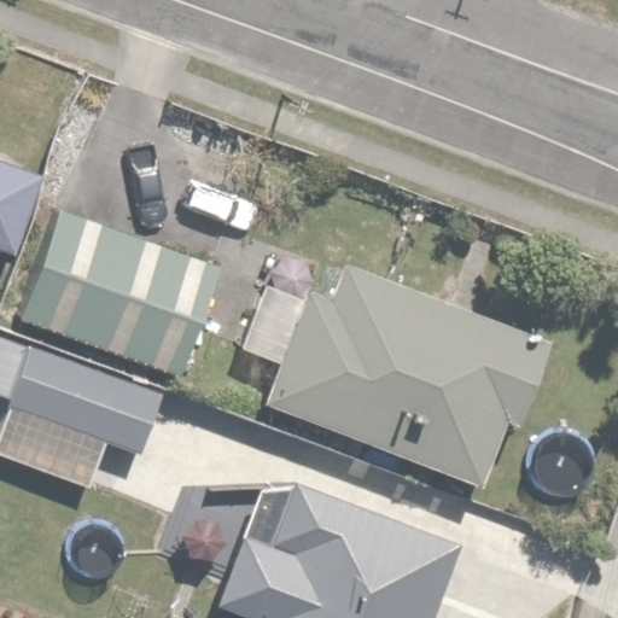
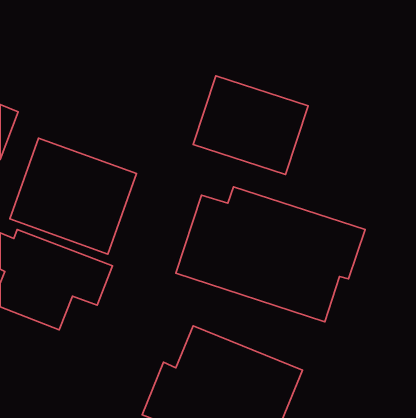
building: none -> [193,76,308,175]

